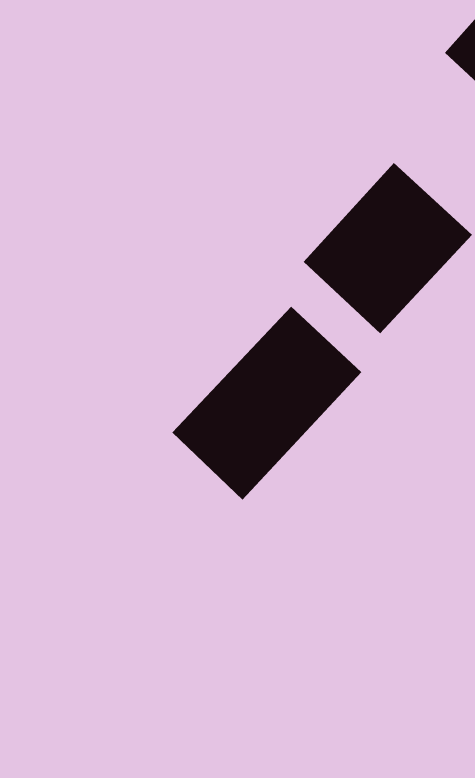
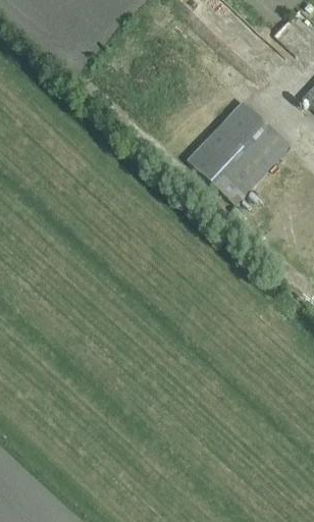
building: [172,306,362,500] -> none

